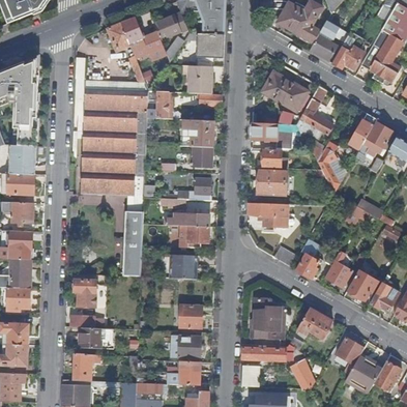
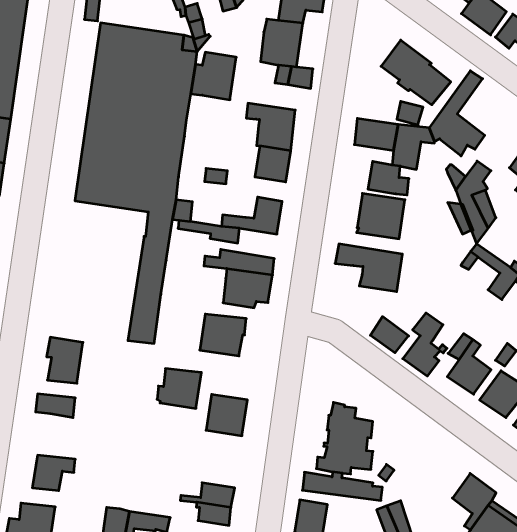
building: [297,307,332,338] -> none
building: [79,327,113,348] -> none
building: [175,336,201,358] -> [157,369,201,408]

